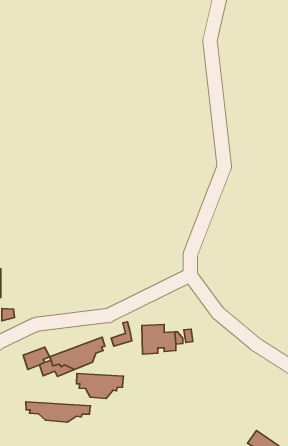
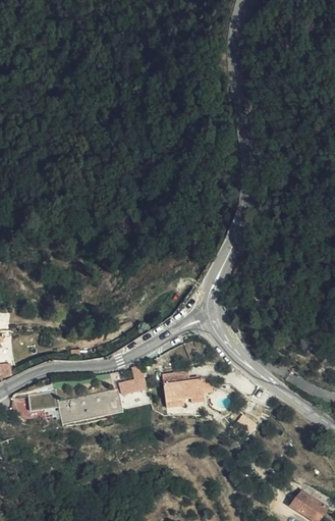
building: [77,373,123,399] -> none
building: [26,402,90,422] -> none

